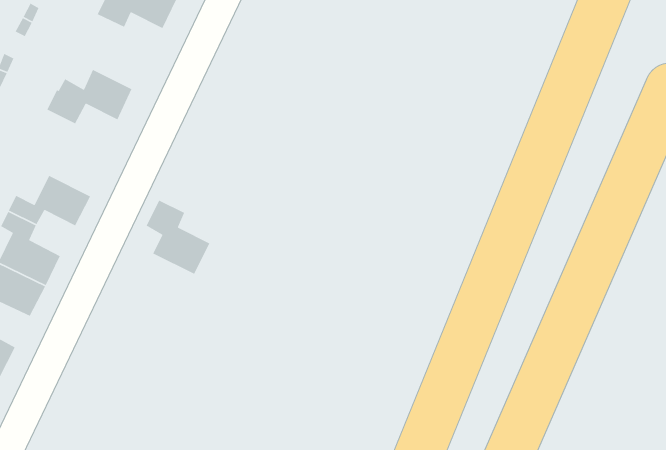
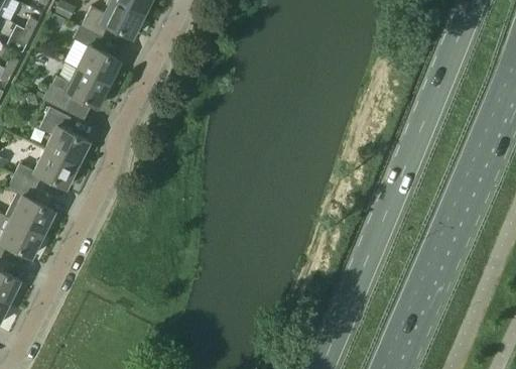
building: none -> [74,26,121,84]
building: [146,199,211,275] -> [40,108,90,165]

